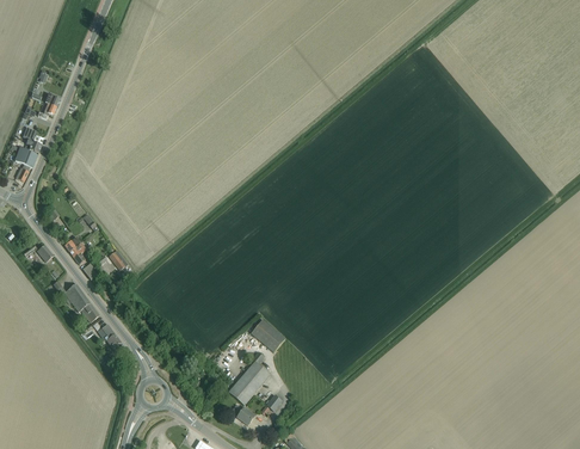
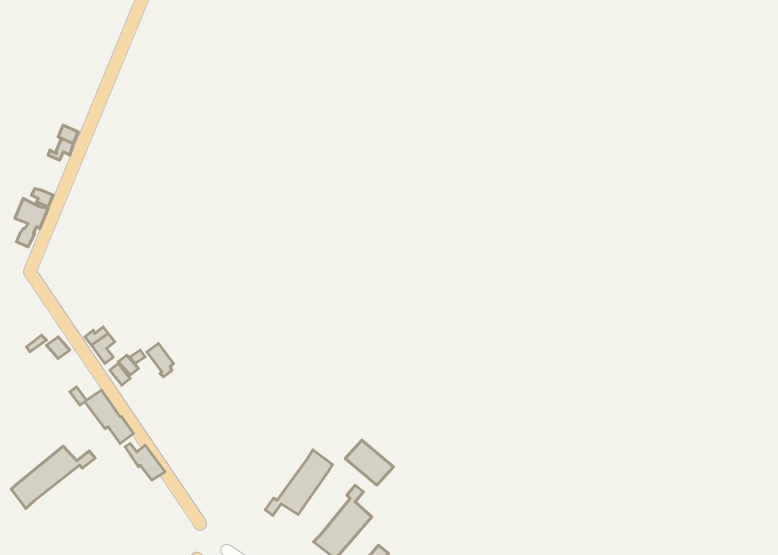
building: none -> [11,446,95,509]
building: none -> [265,450,332,515]

